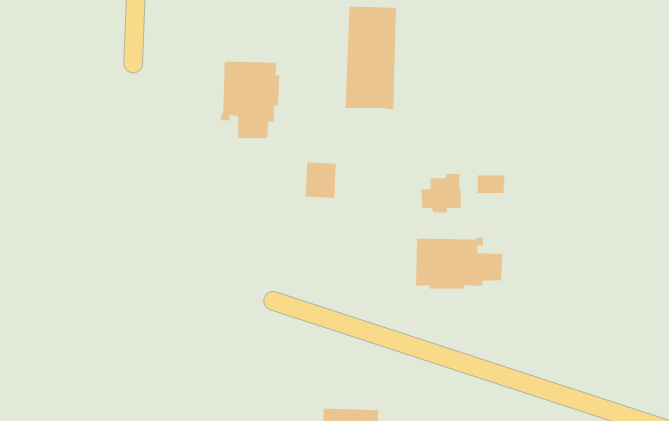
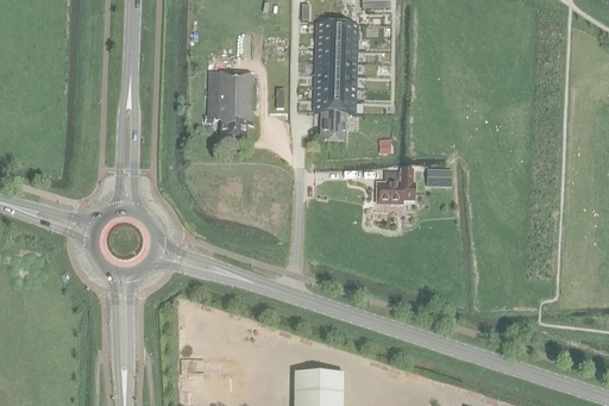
building: [305,162,337,199] -> [318,111,345,143]
building: [415,237,503,290] -> none

